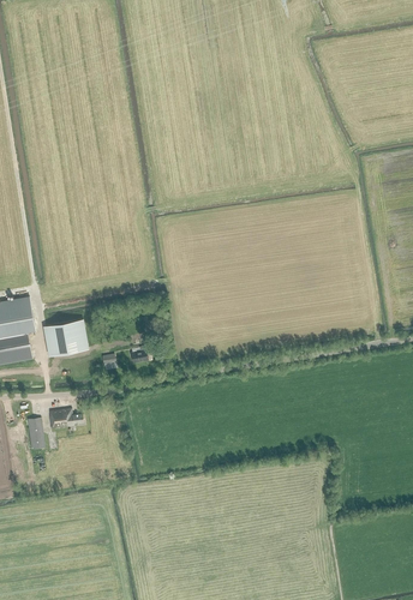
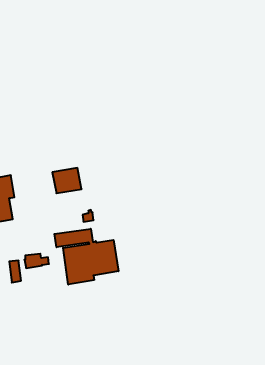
building: [46,319,88,355] -> [52,168,82,193]
building: none -> [54,229,118,285]

